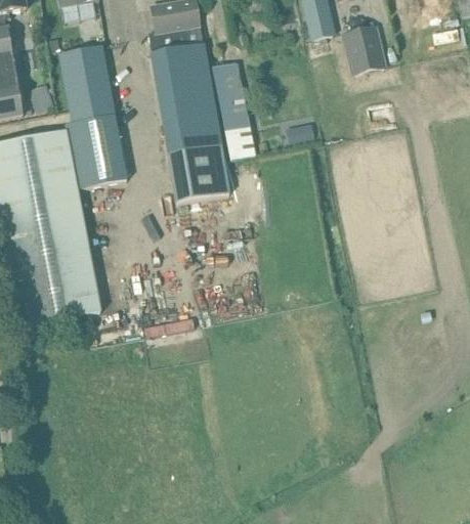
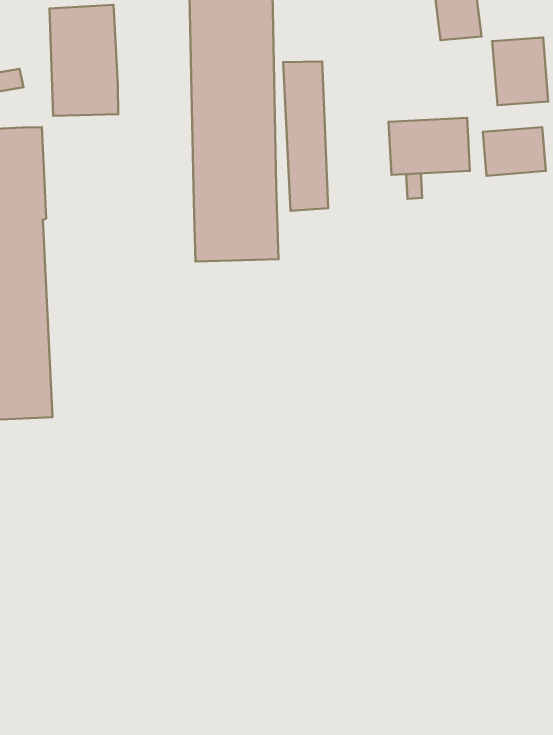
building: none -> [483,127,546,176]
building: none -> [389,118,470,175]
building: [66,113,126,185] -> none

